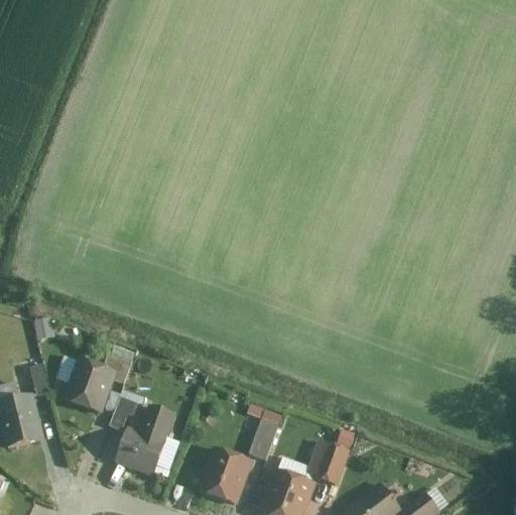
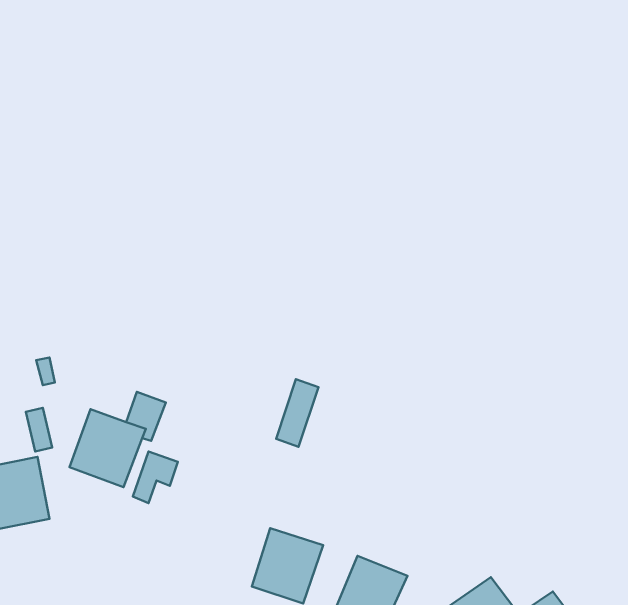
building: [110,405,176,478] -> none
building: [248,409,280,461] -> [276,379,318,447]
building: [310,440,347,478] -> none

